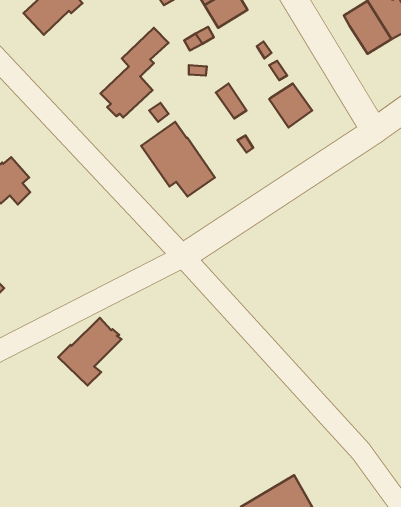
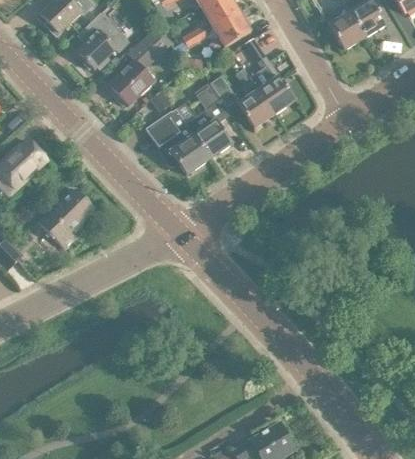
building: none -> [212,10,250,46]
building: none -> [76,12,129,70]
building: none -> [236,68,274,128]
building: none -> [185,88,231,158]
building: [58,318,121,386] -> [38,188,94,248]

